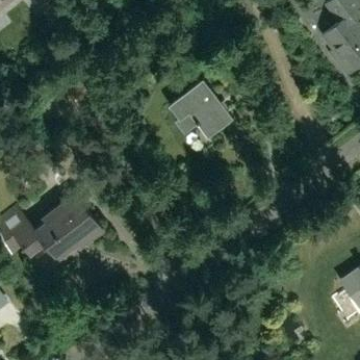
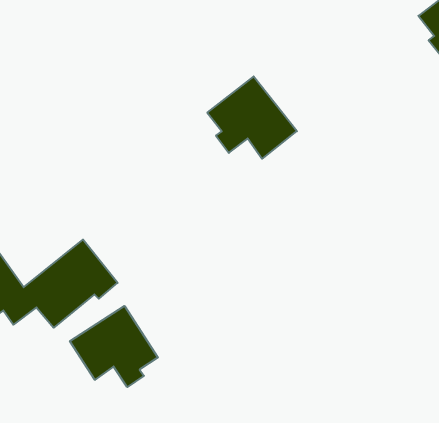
building: none -> [70,306,158,387]

